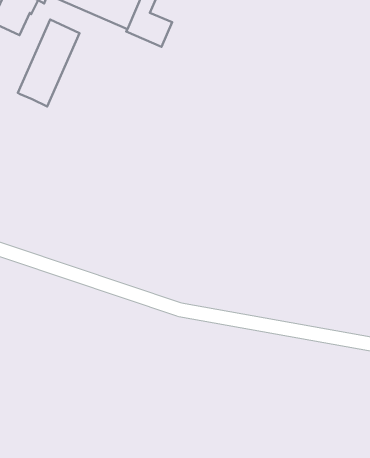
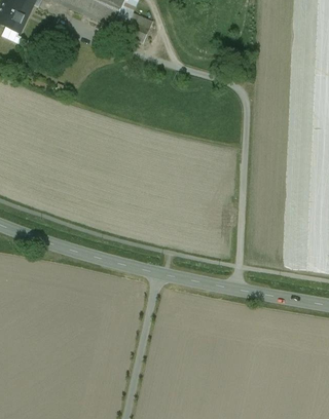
building: [18,20,79,106] -> none

